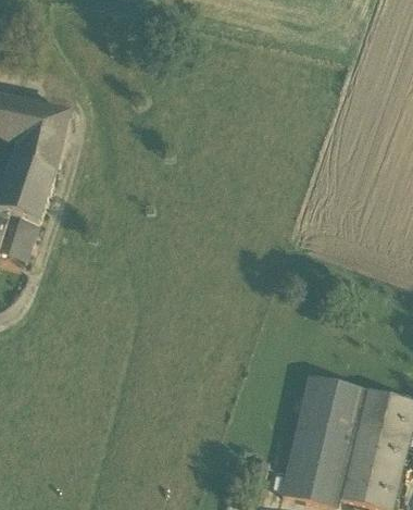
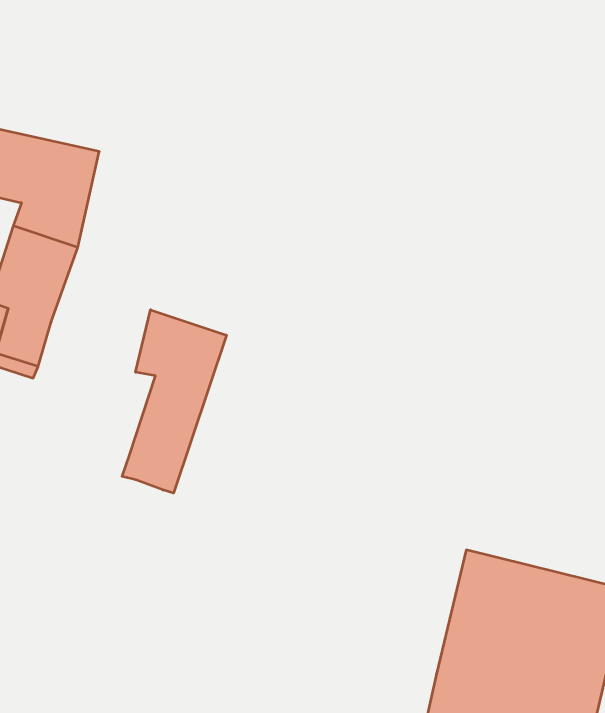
building: none -> [122,310,226,493]

